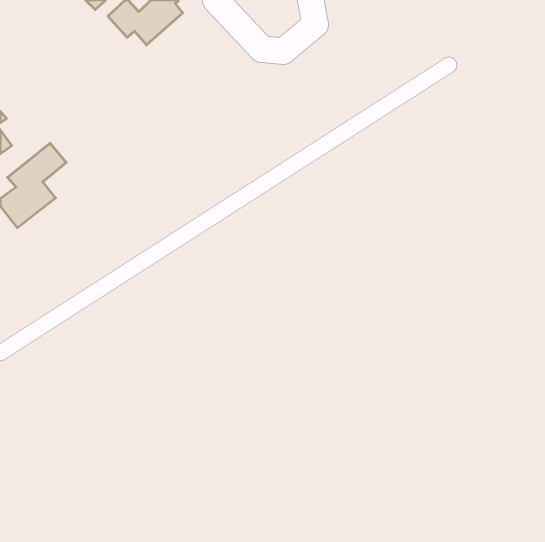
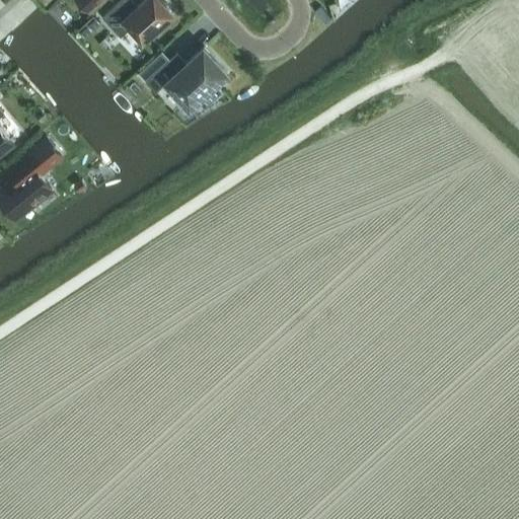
building: none -> [147,50,228,109]

